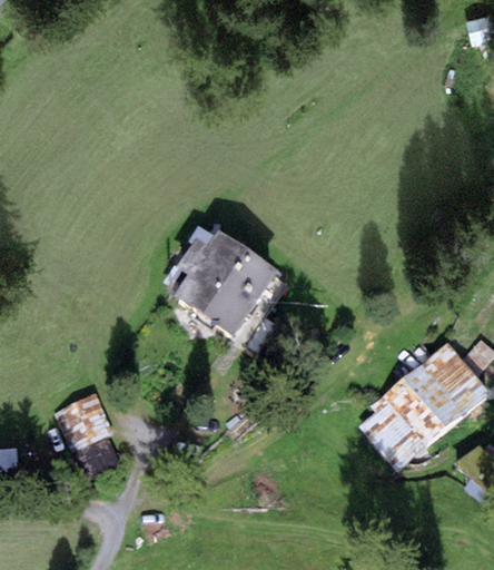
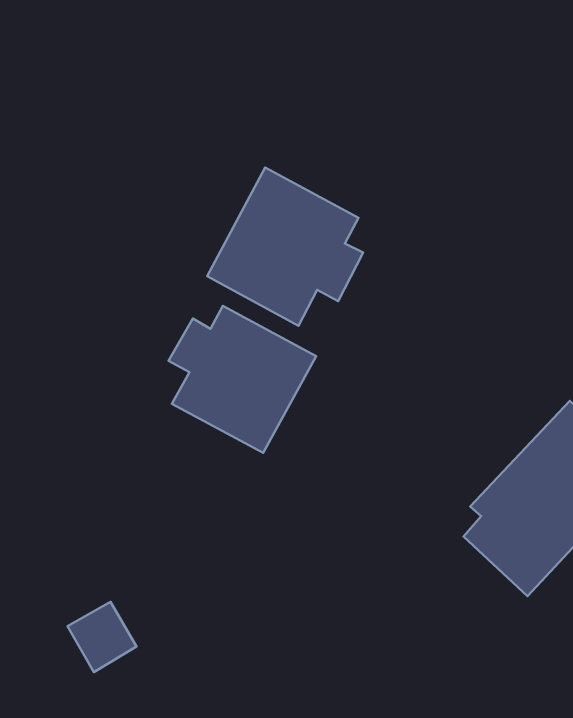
building: none -> [207,168,363,326]
building: [58,391,112,442] -> none

